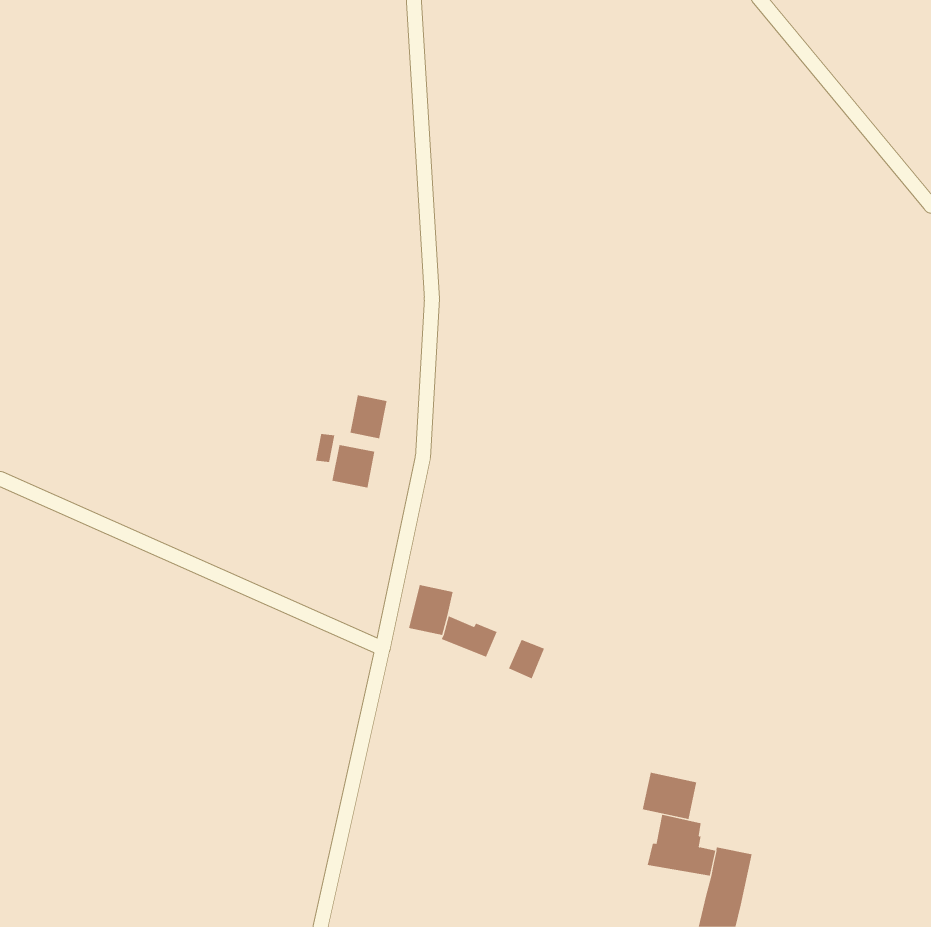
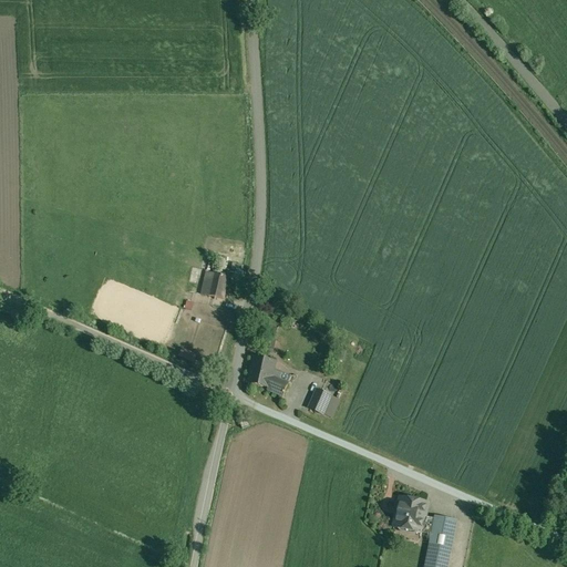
building: [350,395,387,439] -> none
building: [642,772,697,820] -> none

